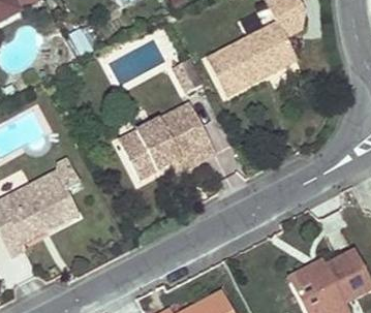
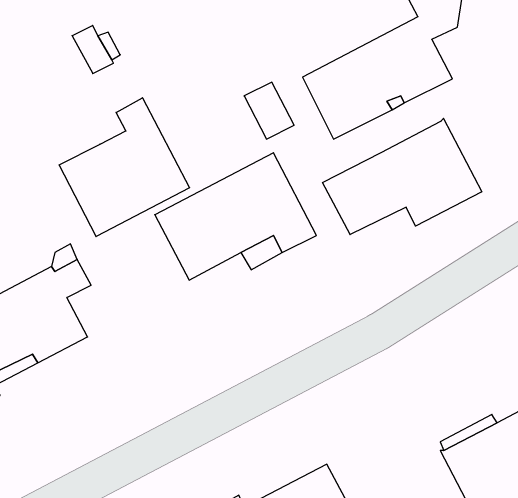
building: none -> [59,98,190,237]
building: none -> [323,118,482,235]

